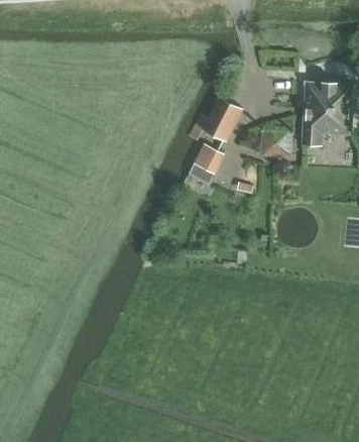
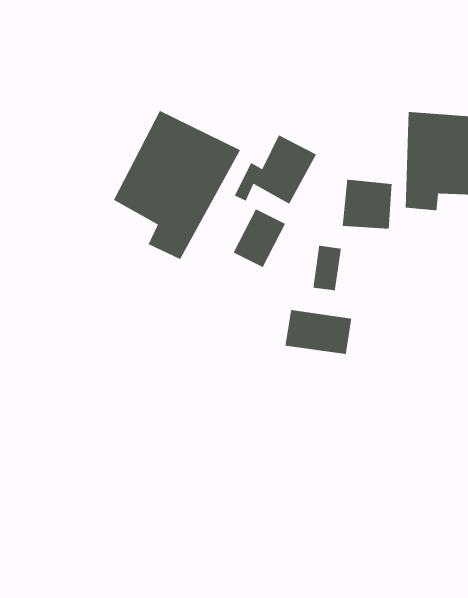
building: none -> [113,110,241,260]
building: none -> [285,309,352,355]

